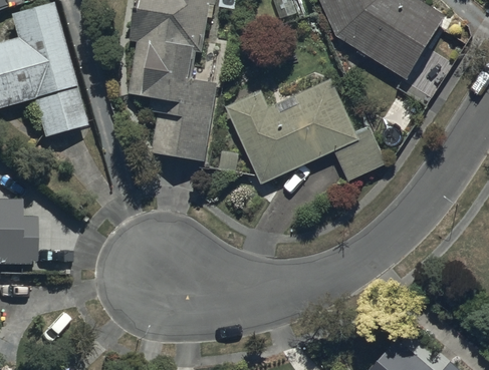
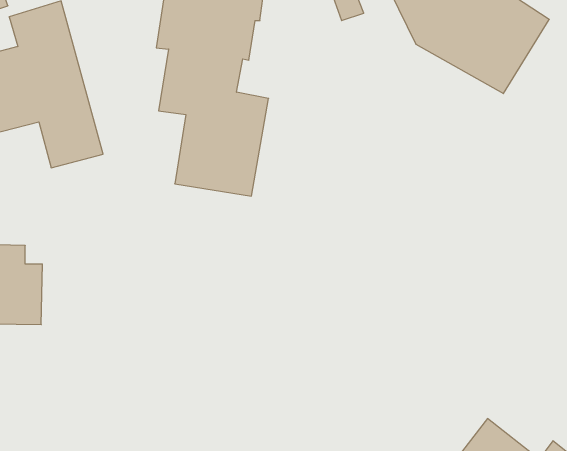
building: [226,78,386,183] -> none

